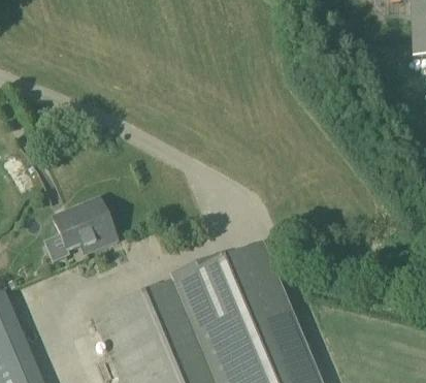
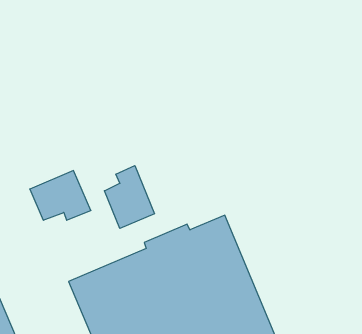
building: none -> [104,166,155,228]

